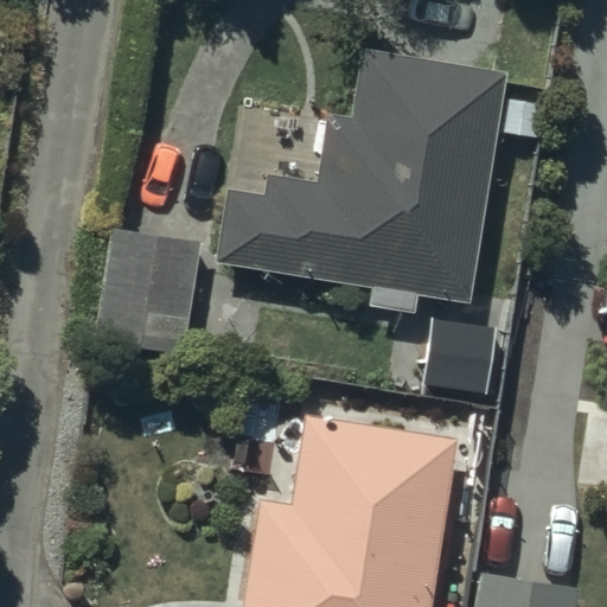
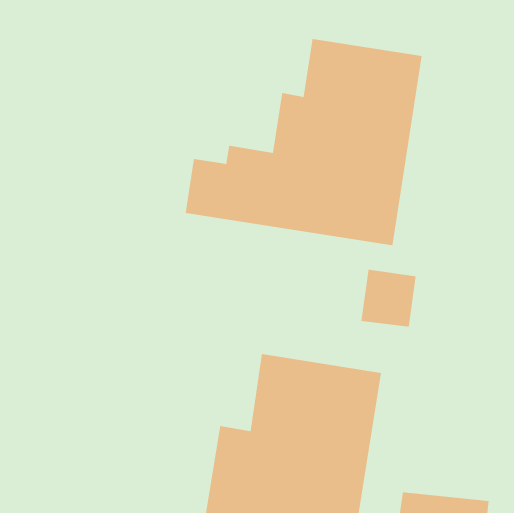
building: [100,231,198,347] -> none

